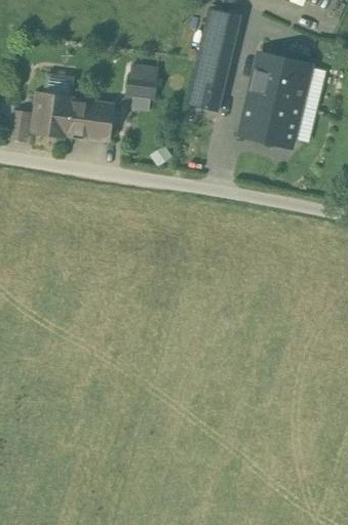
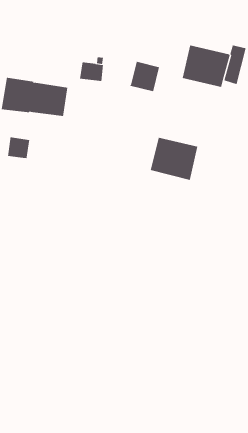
building: [194,9,239,81] -> none
building: [240,94,299,147] -> [150,137,198,180]
building: none -> [8,137,30,159]

